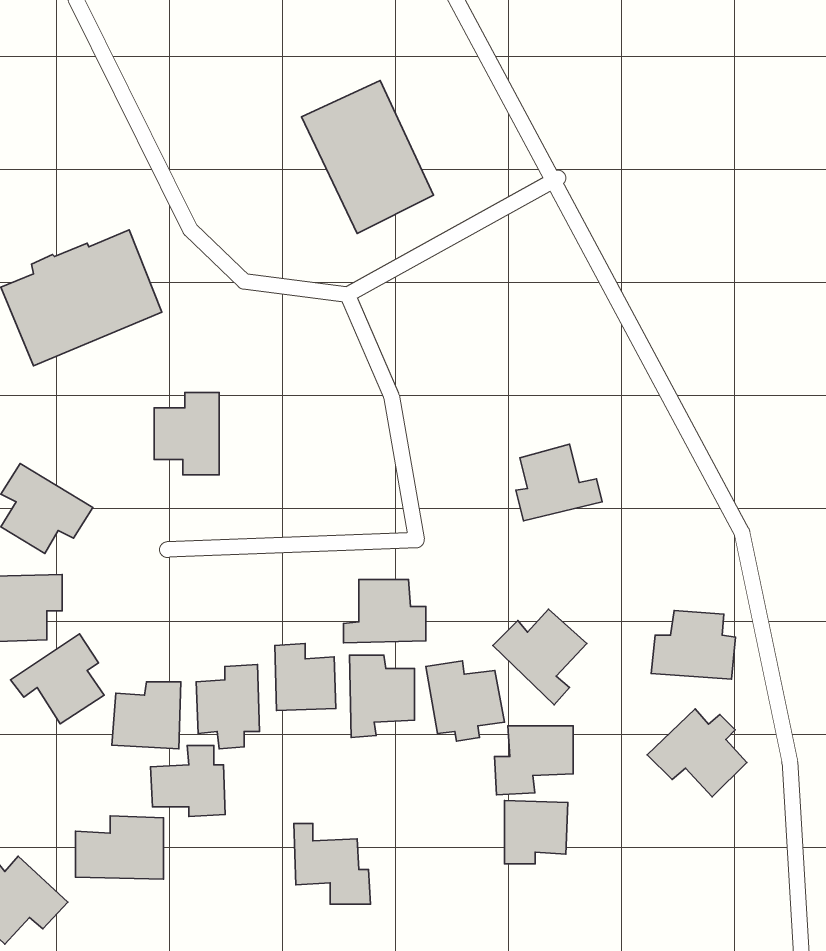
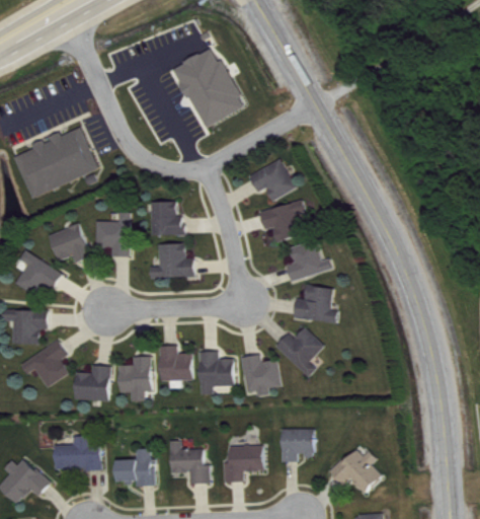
building: none -> [248,160,295,201]
building: none -> [259,201,304,242]
building: none -> [150,202,183,236]
building: none -> [48,224,91,264]
building: [344,580,426,643] -> [150,244,193,278]
building: [651,610,735,679] -> [294,286,338,322]
building: [647,709,747,797] -> [329,448,382,495]
building: [495,726,573,795] -> [222,446,263,483]
building: [151,746,225,816] -> [115,449,155,487]

